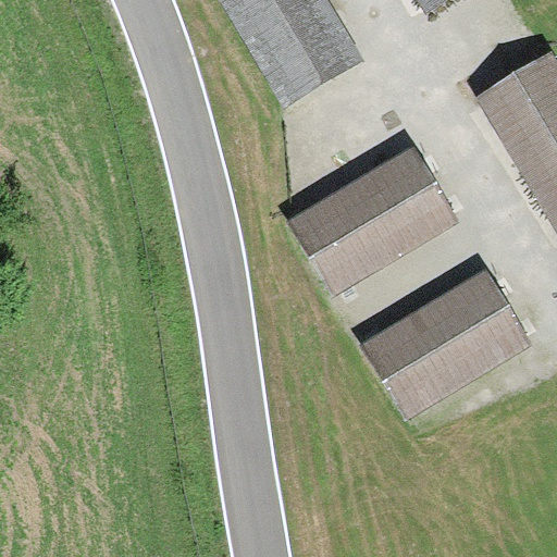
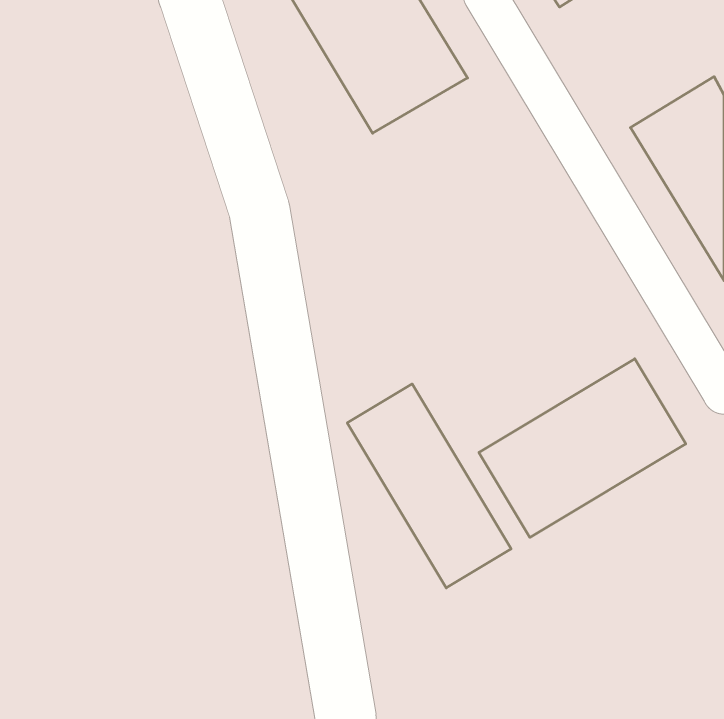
building: [294,153,453,289] -> none
building: none -> [347,384,511,588]

